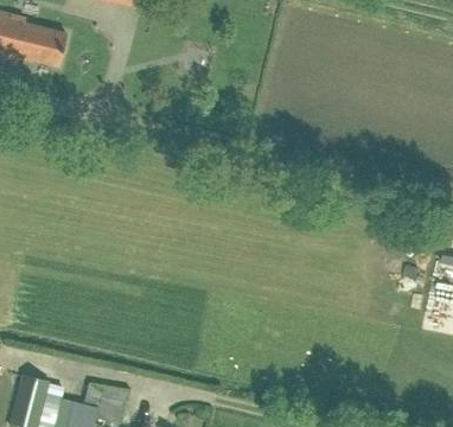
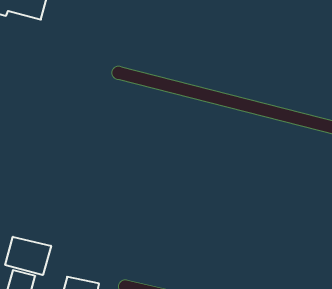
building: none -> [5,237,51,275]

